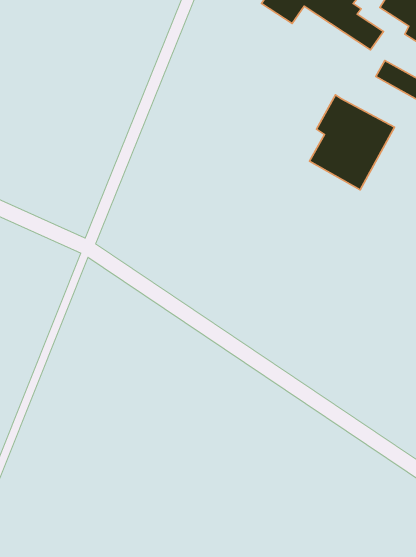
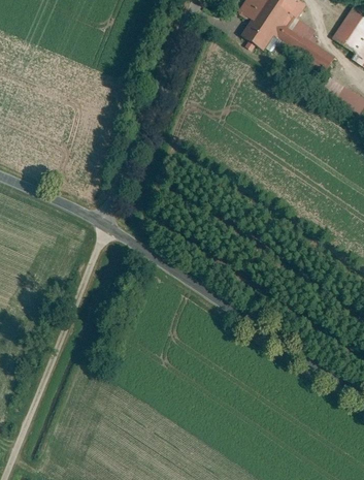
building: [309,95,395,190] -> none

